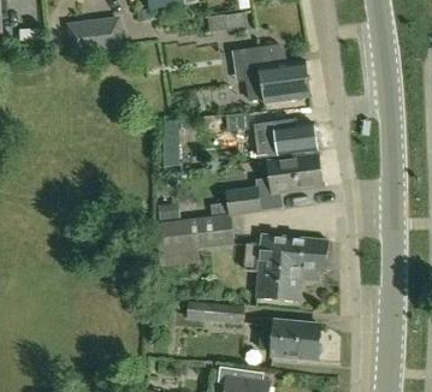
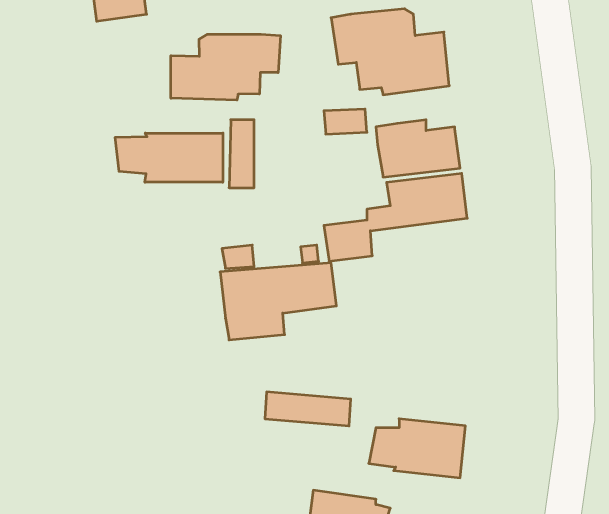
building: none -> [171,34,280,100]
building: none -> [115,133,223,182]
building: [244,234,326,301] -> none

